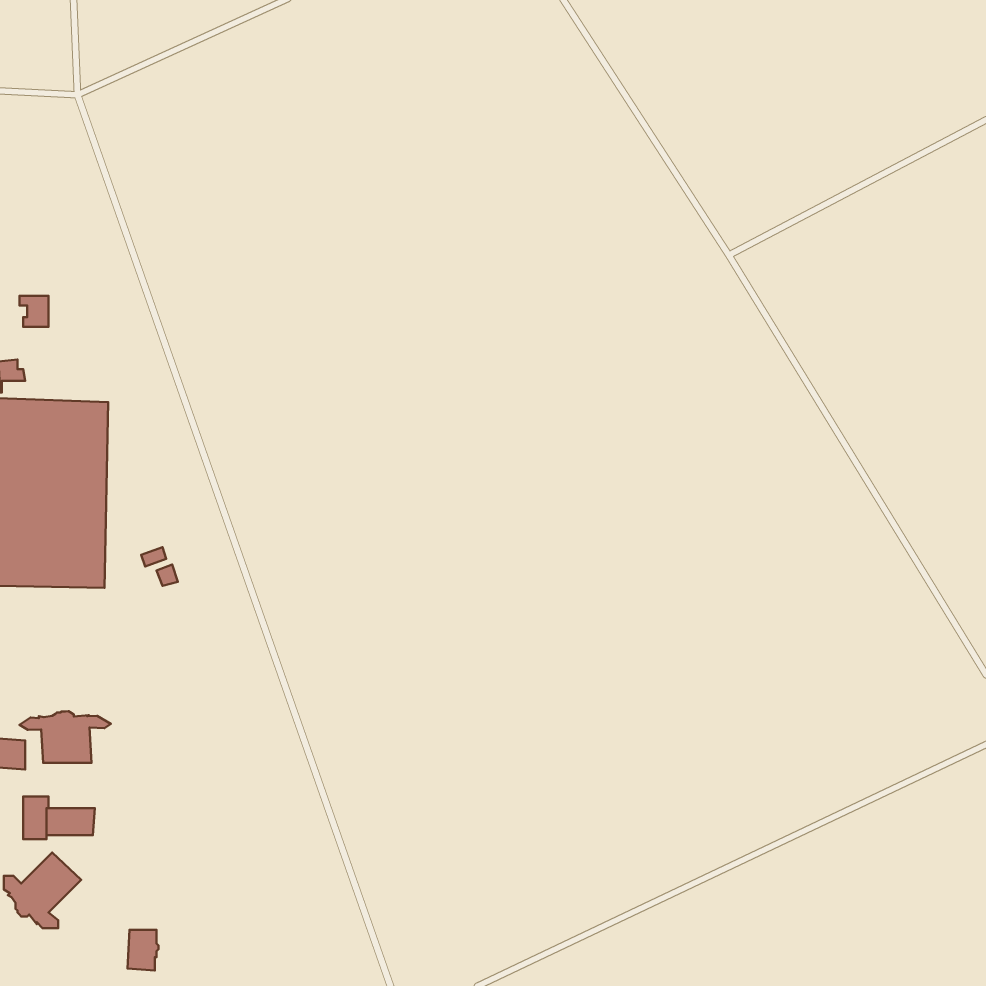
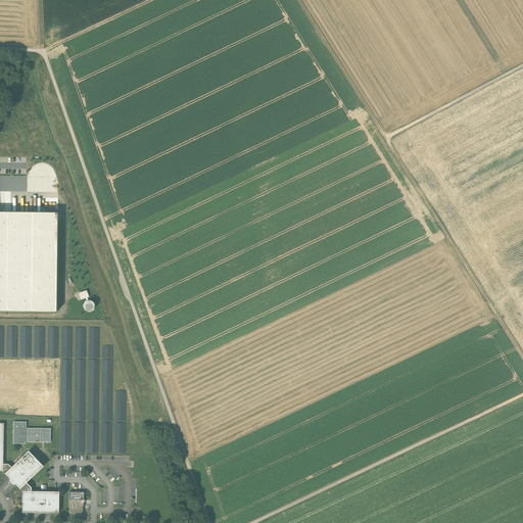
building: [19,711,111,763] -> none
building: none -> [22,490,60,512]

